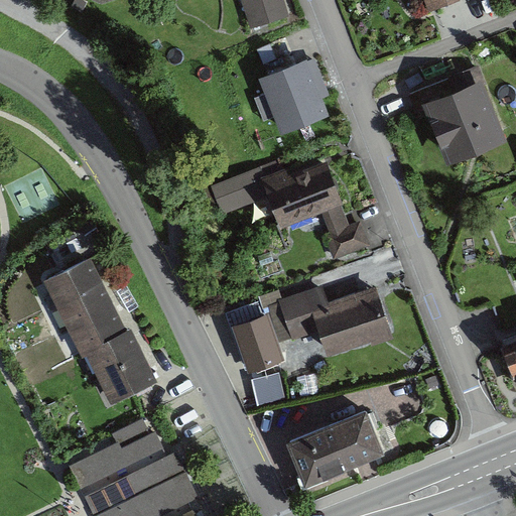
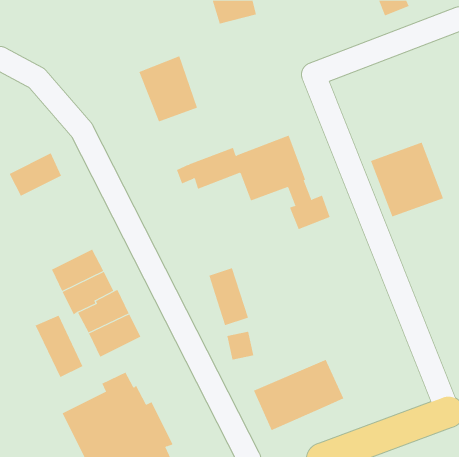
building: [263,56,330,131] -> [139,56,198,122]
building: [415,83,498,167] -> [370,142,444,217]
building: [44,255,104,304] -> [9,152,62,196]
building: [280,288,387,356] -> none
building: none -> [35,315,83,378]

